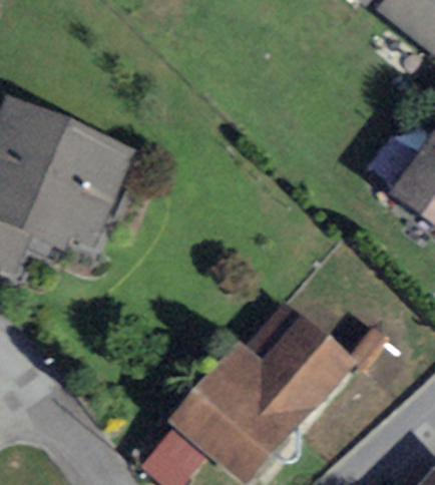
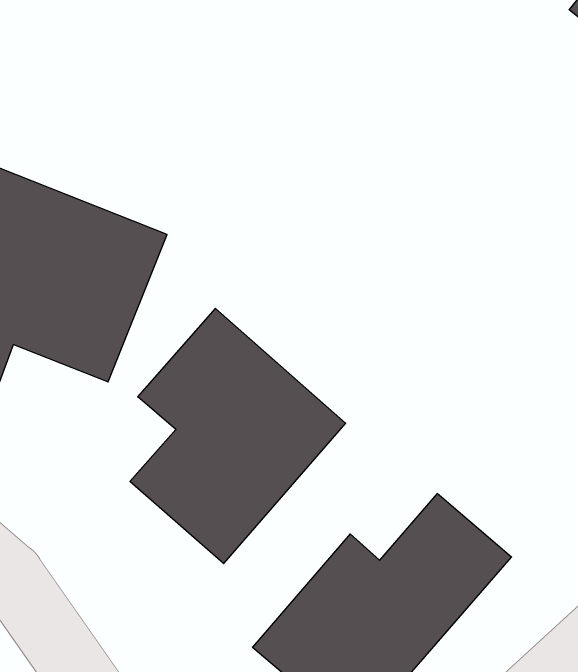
building: none -> [130,308,346,564]

